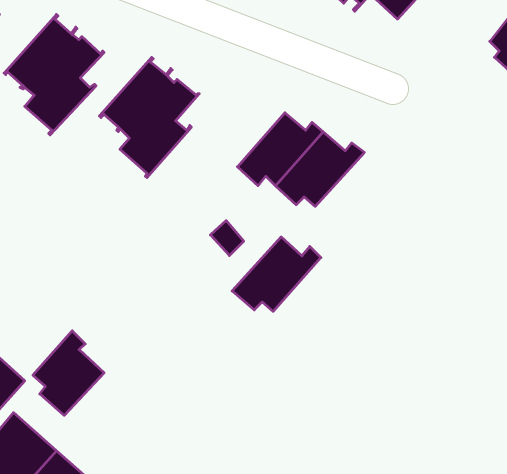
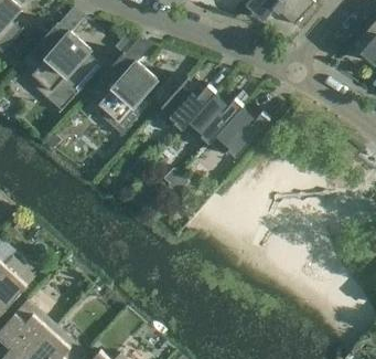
building: [232,237,321,311] -> [153,77,215,129]
building: [33,331,104,415] -> none

